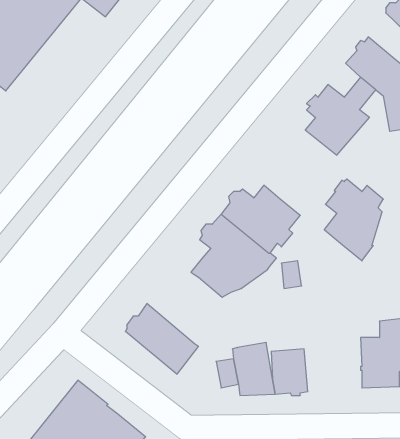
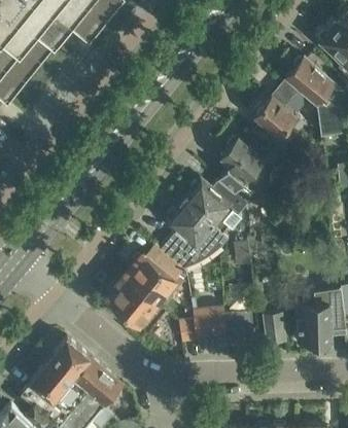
building: [324,179,383,261] -> [219,138,268,205]
building: none -> [124,247,186,309]
building: none -> [263,313,286,345]

